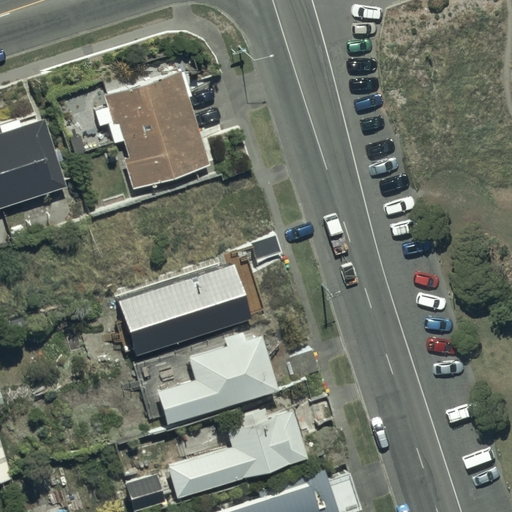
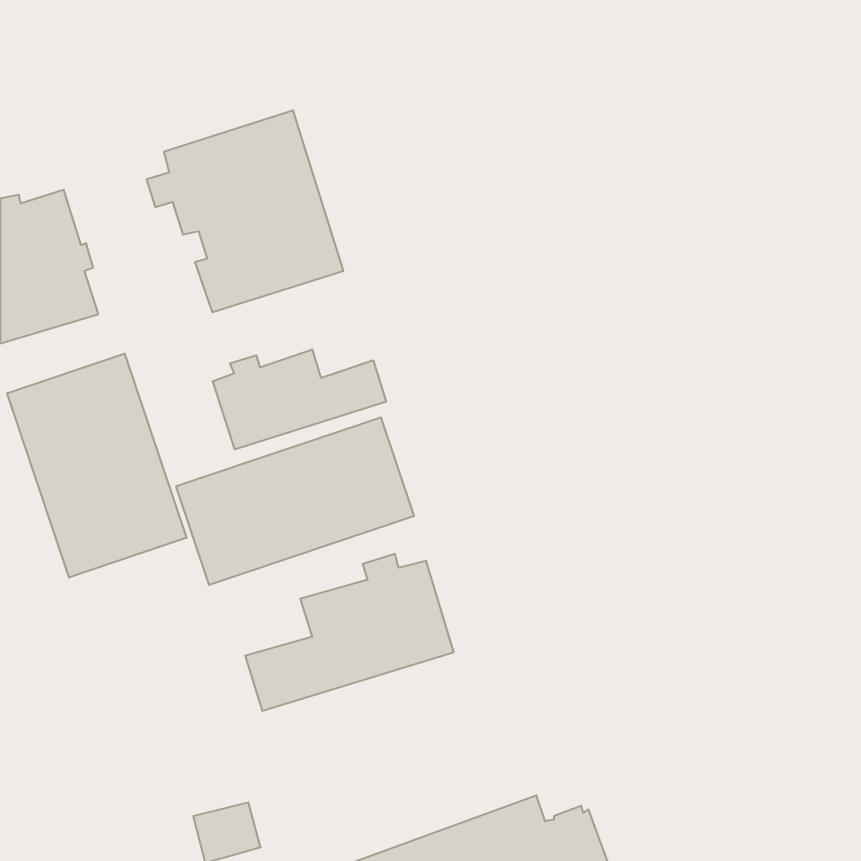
building: none -> [213,349,386,449]
building: none -> [7,353,187,578]
building: [166,409,305,500] -> none

